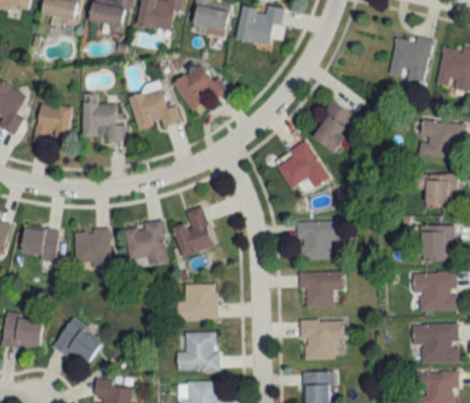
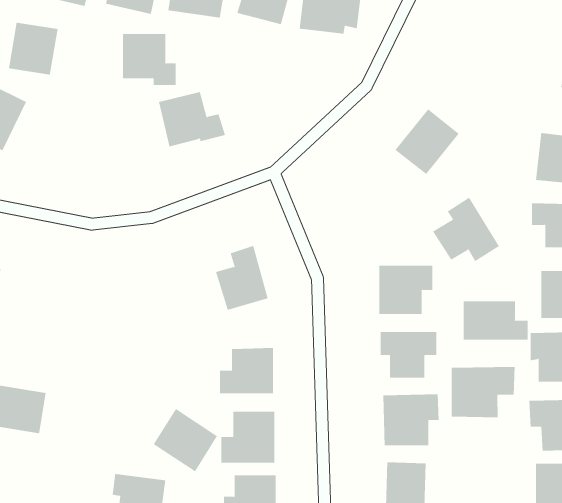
building: [389,37,432,81] -> none
building: [173,62,226,112] -> none
building: [82,102,124,141] -> [122,34,177,85]
building: [33,103,72,143] -> [8,22,58,75]
building: [277,139,329,189] -> [432,197,500,262]
building: [125,221,166,266] -> none
building: [20,227,59,260] -> none
building: [75,229,110,269] -> none
building: none -> [463,300,528,340]
building: none -> [451,366,515,418]
building: [53,318,103,366] -> [153,408,218,472]

